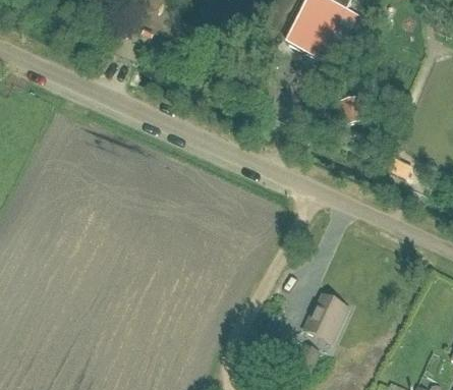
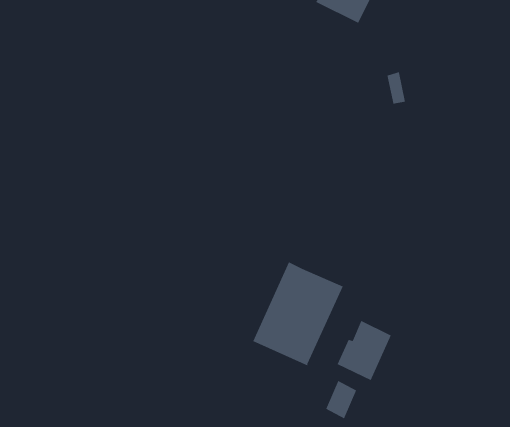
building: none -> [252,261,344,366]

